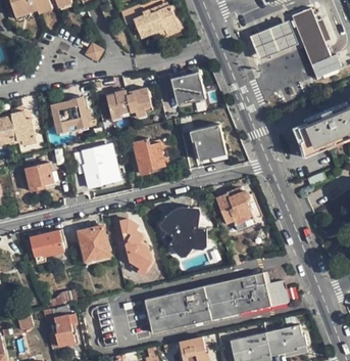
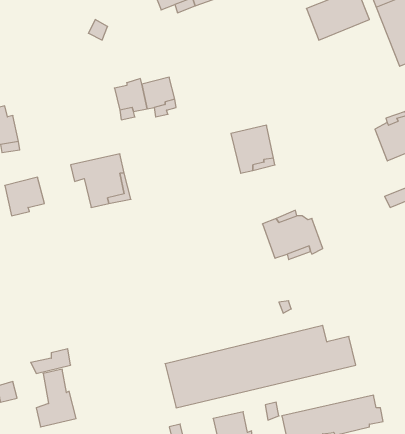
building: [171,73,204,100] -> none
building: [49,94,93,134] -> none
building: [133,138,165,175] -> none
building: [161,211,204,255] -> none
building: [120,219,151,269] -> none
building: [78,225,109,261] -> none
building: [31,231,63,262] -> none

